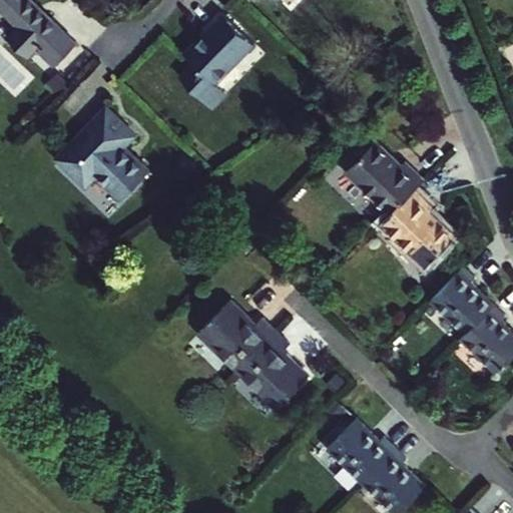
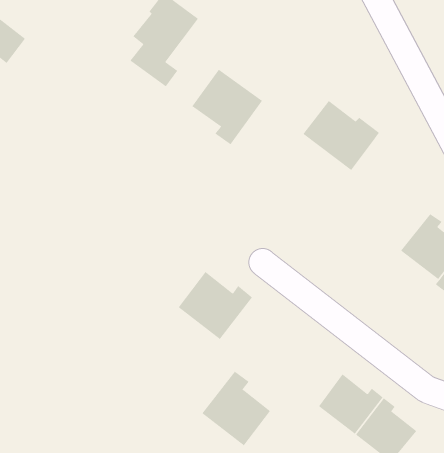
building: none -> [192,69,263,145]
building: [56,108,149,201] -> none
building: [381,190,455,268] -> none
building: [237,333,308,410] -> [202,371,271,446]

